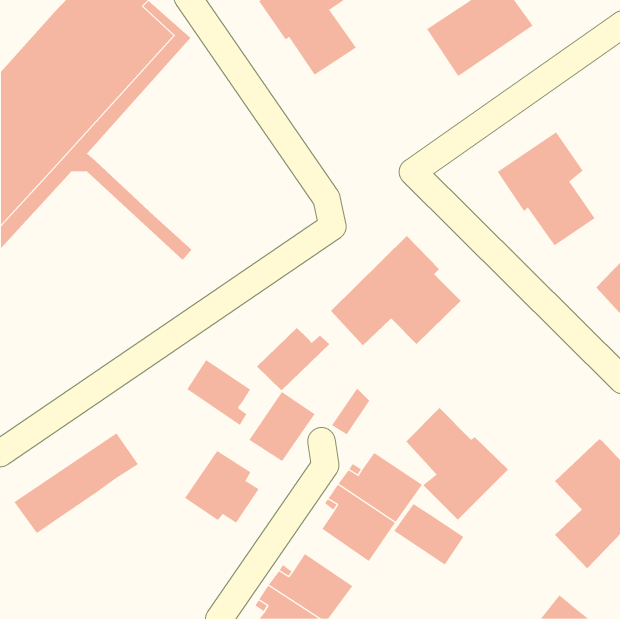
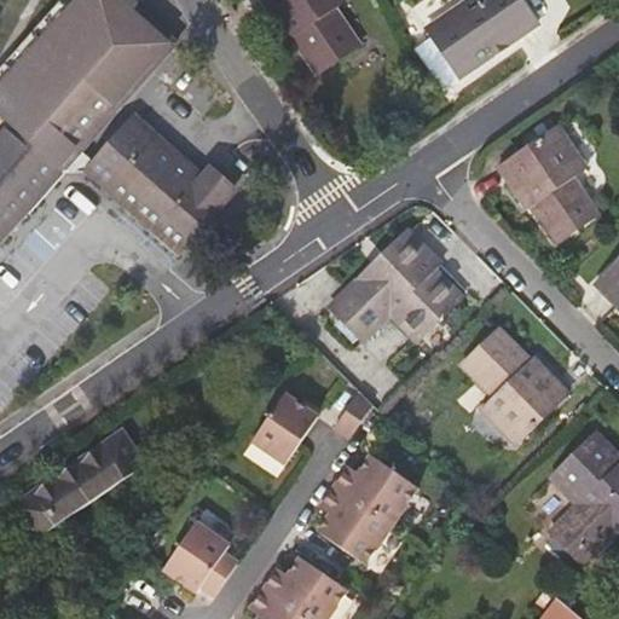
building: none -> [98,114,238,248]
building: [256,327,330,391] -> none
building: [187,359,251,426] -> none
building: [405,407,509,521] -> [464,331,567,444]
building: [184,450,260,523] -> [162,516,237,589]
building: [394,503,464,566] -> none

